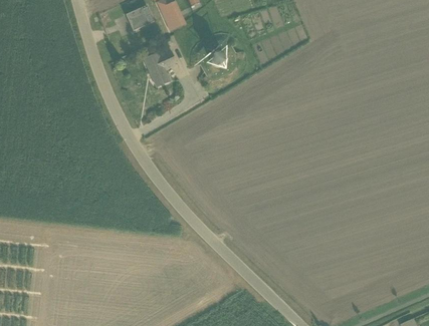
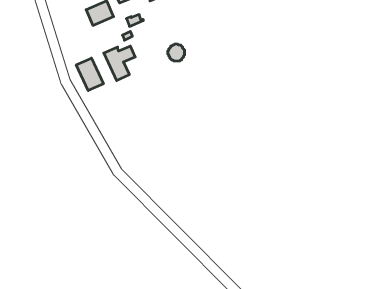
building: none -> [76,58,103,91]

